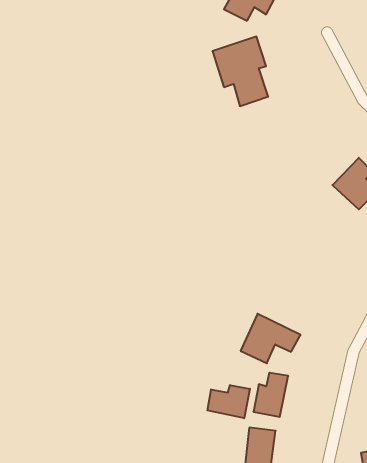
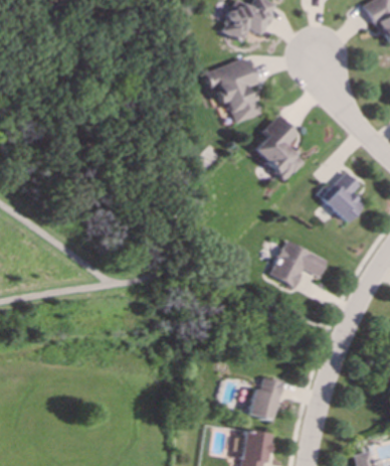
building: none -> [256,114,307,180]
building: [241,314,301,363] -> [272,240,330,287]
building: [207,385,250,418] -> none

